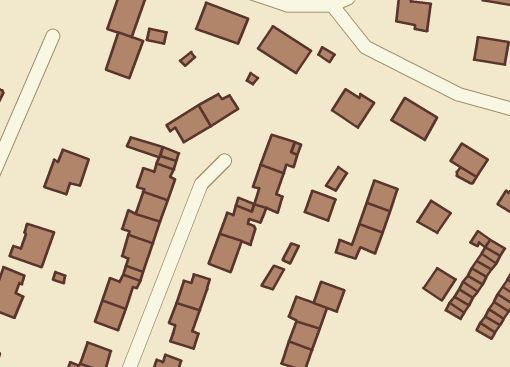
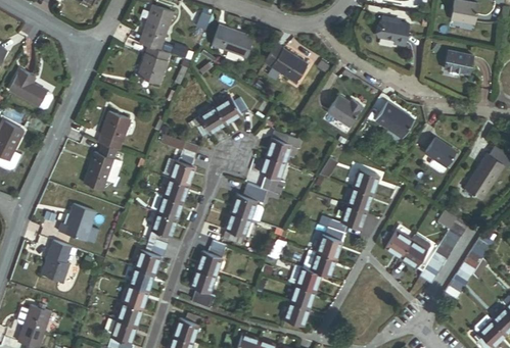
building: none -> [98,111,129,149]
building: [305,191,336,221] -> [316,235,341,259]
building: [417,201,451,233] -> [384,231,412,257]
building: none -> [123,285,148,309]

